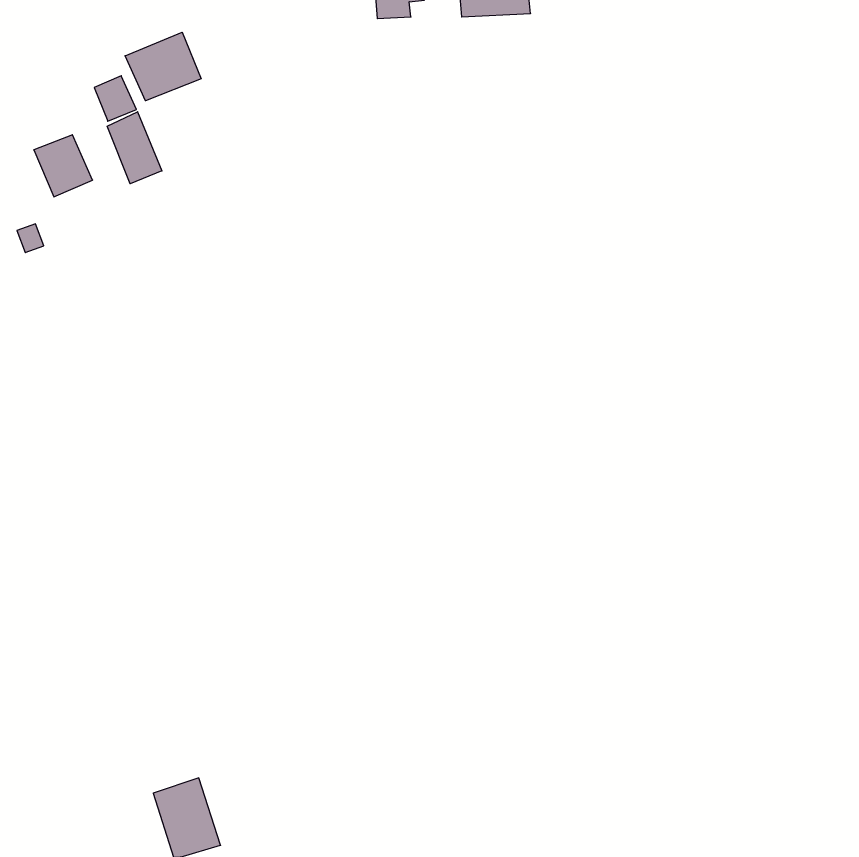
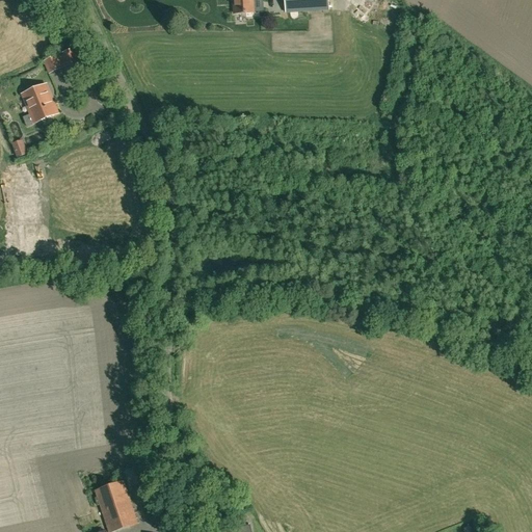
building: [125,32,201,101] -> none
building: [107,112,162,184] -> none

